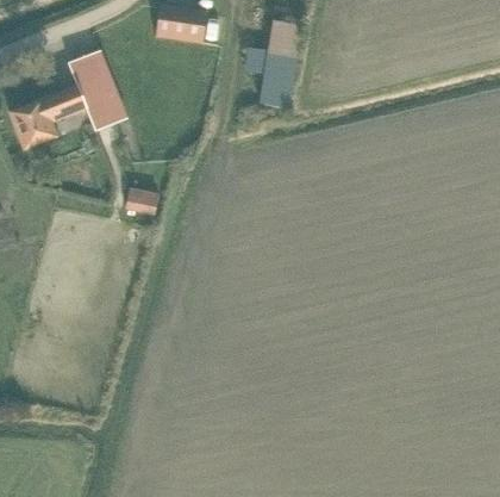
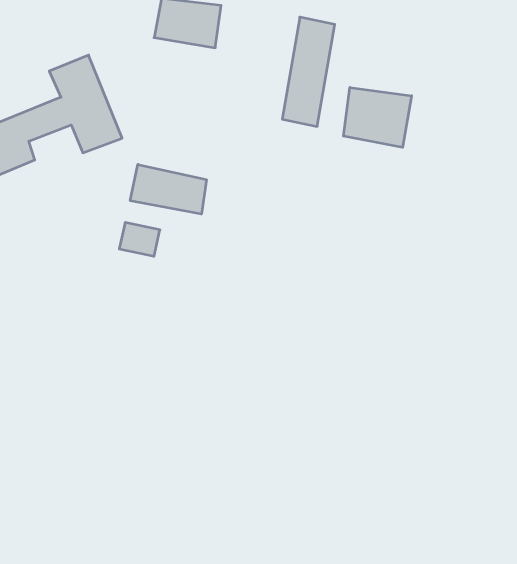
building: none -> [343,87,412,147]
building: none -> [130,164,206,214]

